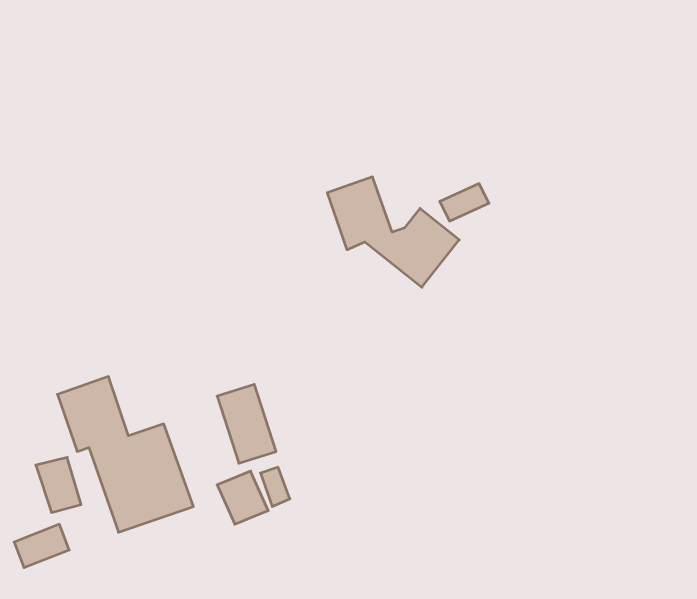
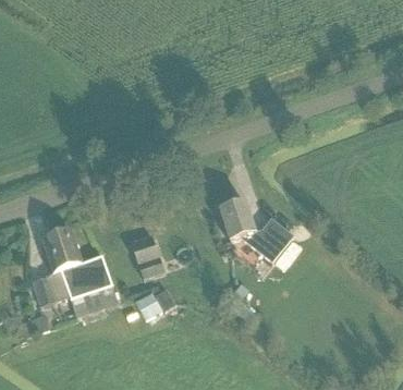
building: [327,177,459,287] -> [220,200,293,261]

